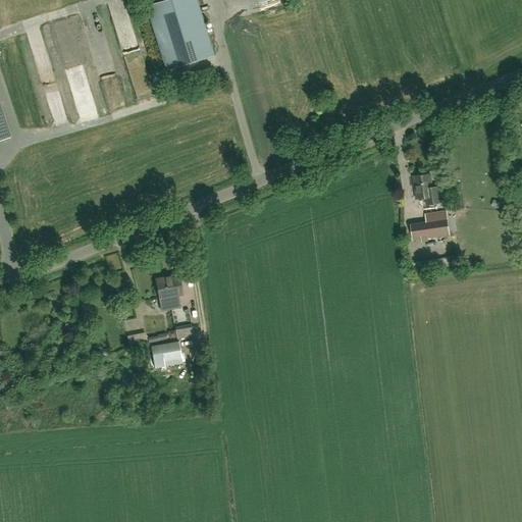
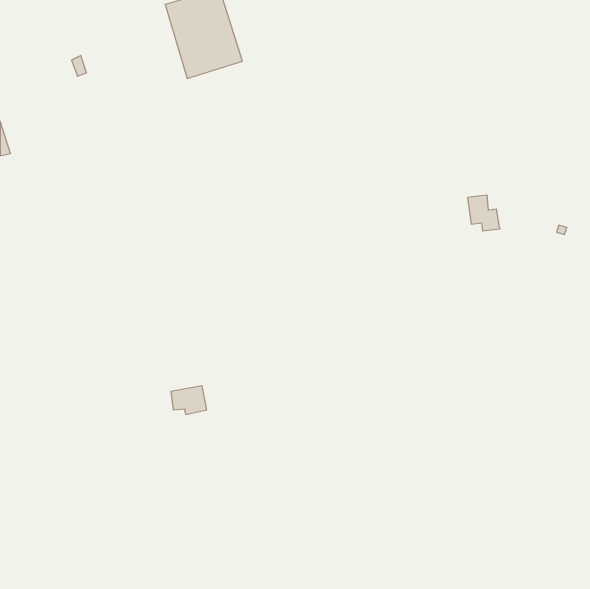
building: [410,210,450,241] -> none
building: [155,274,182,310] -> none

